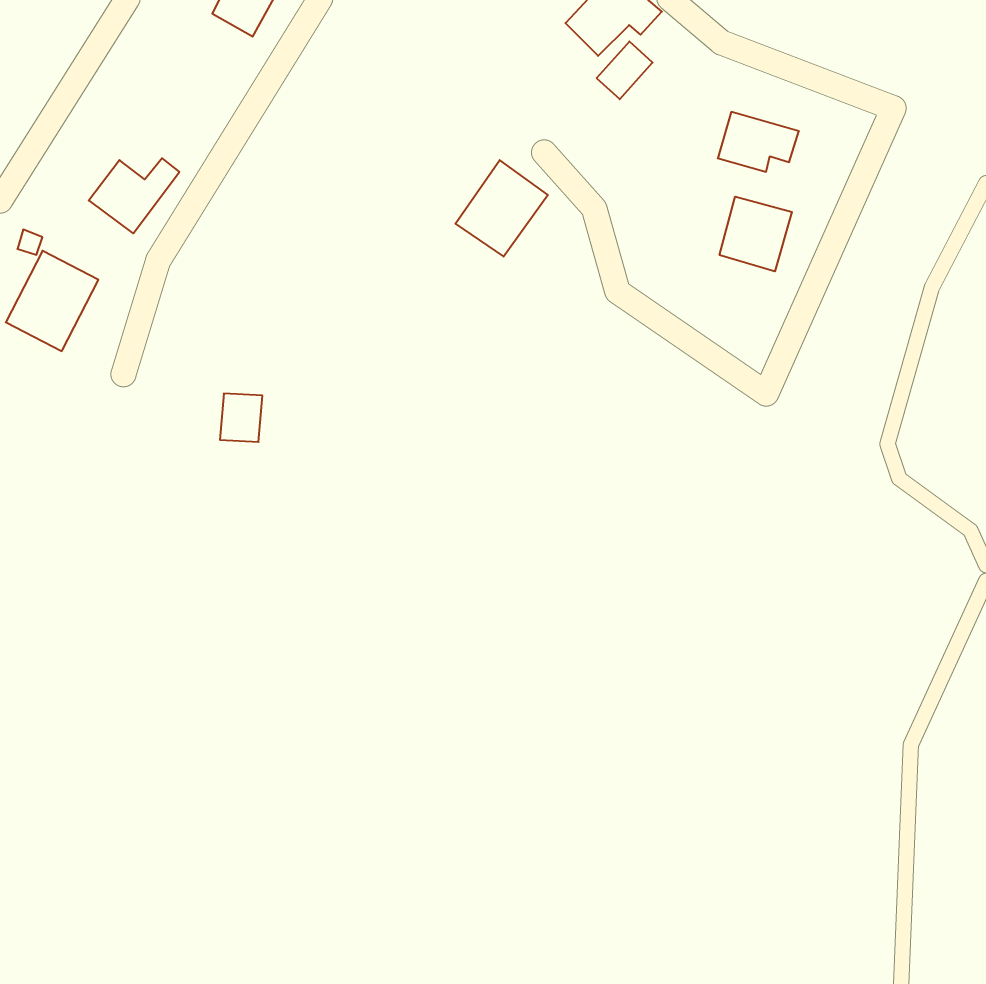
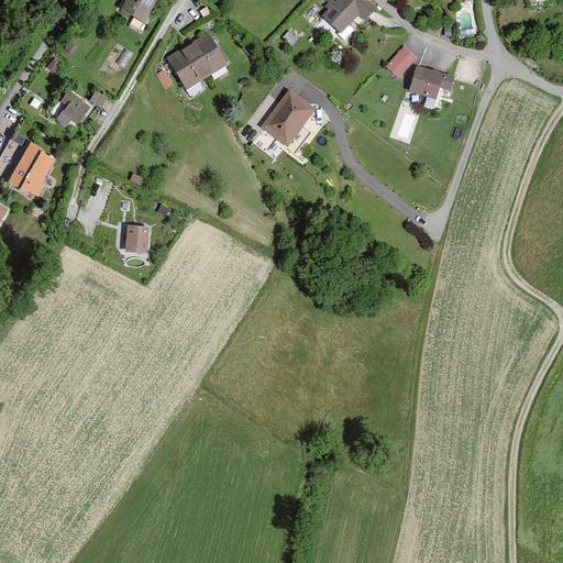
building: [597,41,653,99] -> [386,44,418,77]
building: none -> [166,32,228,89]
building: [720,197,792,271] -> none

